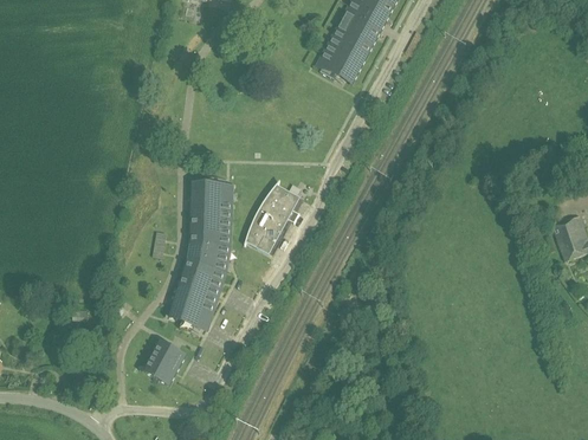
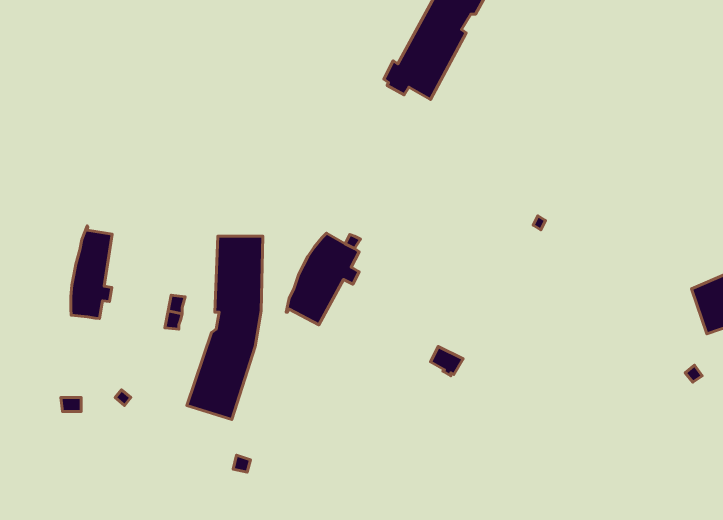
building: none -> [71,226,112,318]
building: [143,339,186,383] -> none

